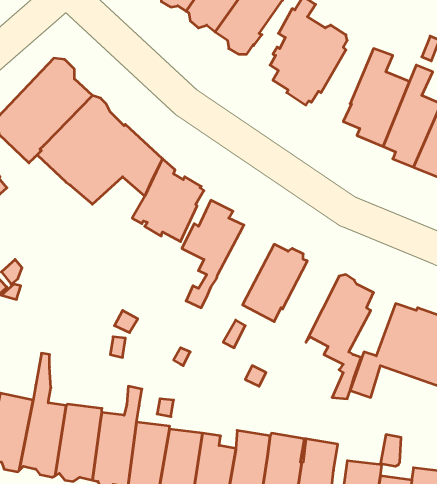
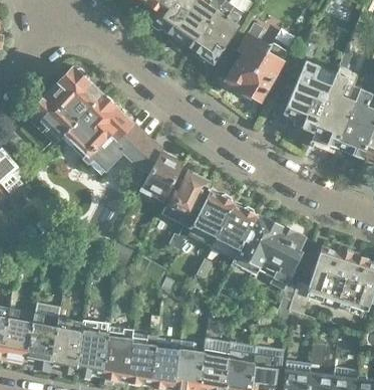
building: none -> [188,191,234,247]
building: none -> [233,215,281,274]

